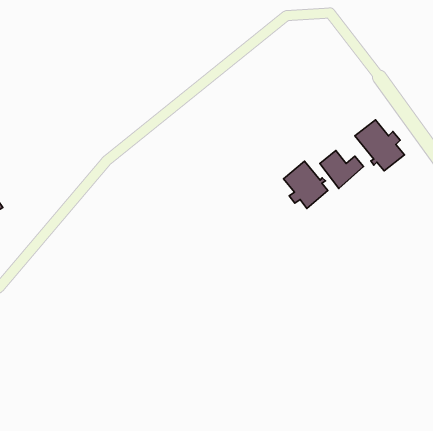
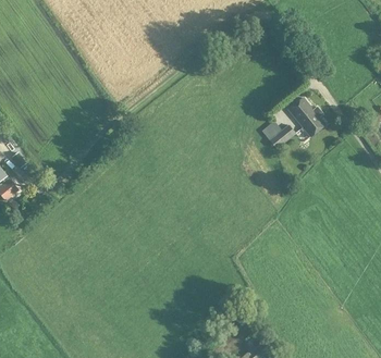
building: [284,161,328,208] -> none

